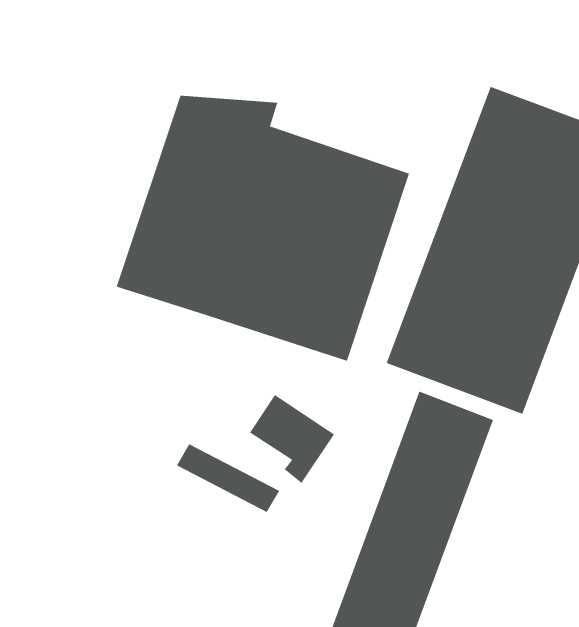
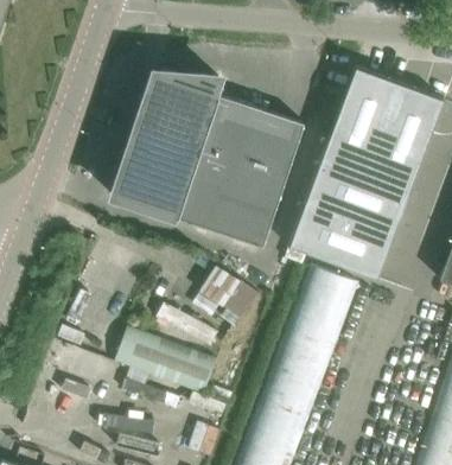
building: none -> [113,326,215,394]

